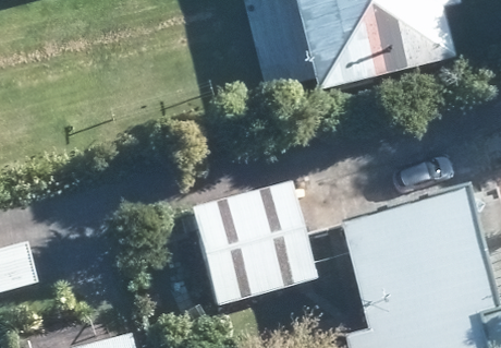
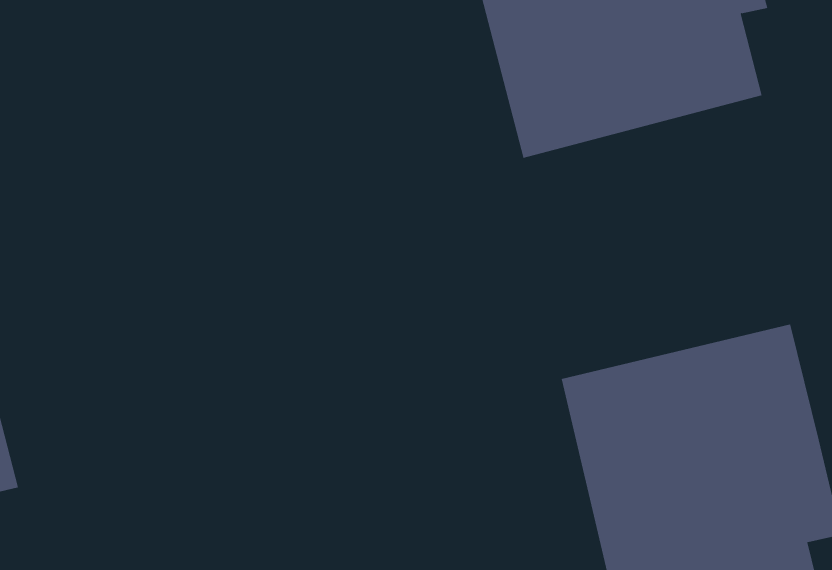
building: [192,179,316,303] -> none

